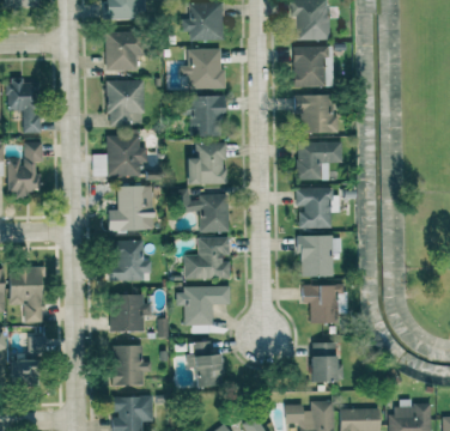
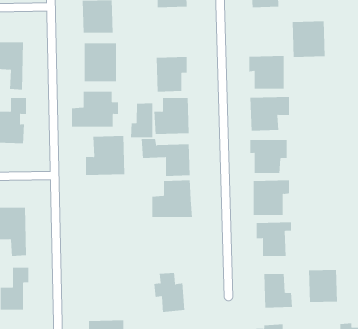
building: [293,45,332,87] -> [292,21,326,58]
building: [180,48,226,89] -> none
building: none -> [131,103,153,138]
building: [111,239,152,279] -> none
building: [177,286,230,326] -> none
building: [113,295,152,332] -> none
building: none -> [309,269,337,303]
building: [113,345,151,386] -> none

